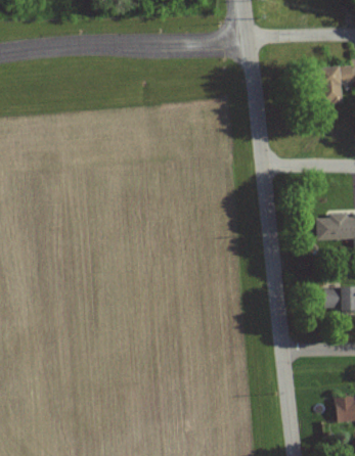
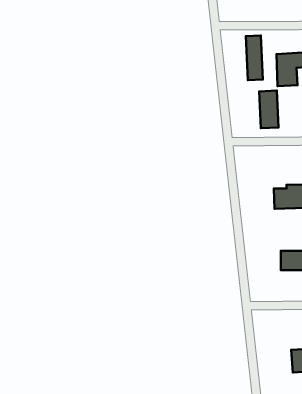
building: none -> [246,36,263,80]
building: none -> [259,91,278,128]

